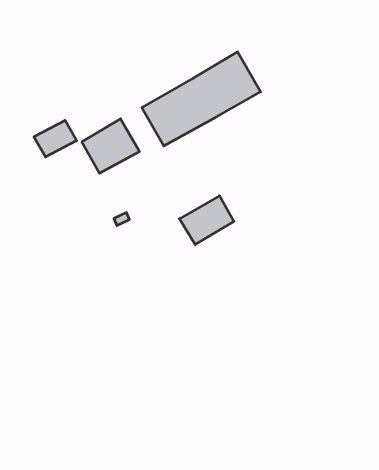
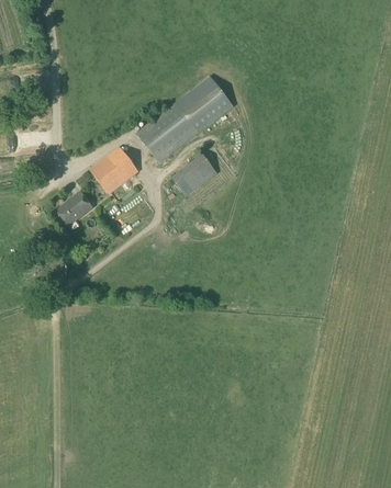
building: [34,120,77,157] -> [56,192,92,225]
building: [179,196,234,245] -> [171,152,217,196]

